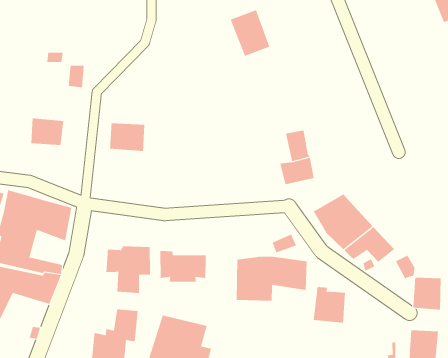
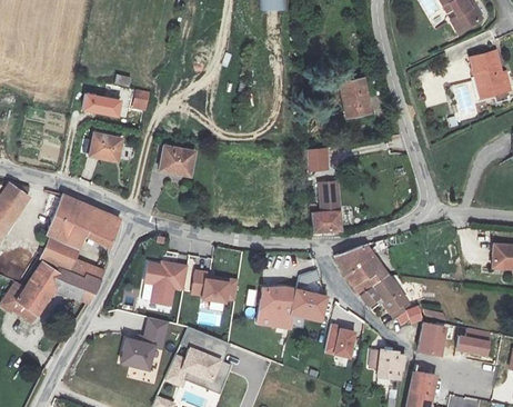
building: [230,10,270,56] -> [339,77,372,118]
building: none -> [80,92,121,117]
building: none -> [305,147,329,172]
building: none -> [369,348,406,379]

